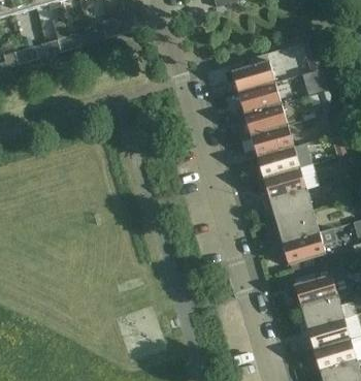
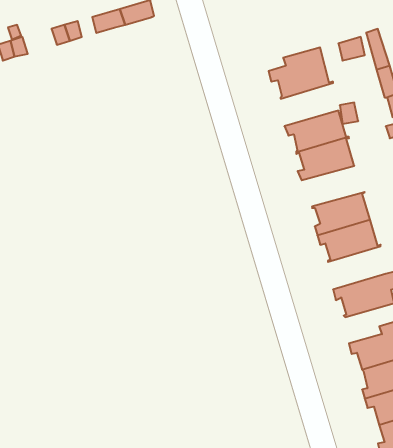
building: [236,82,282,116] -> none
building: [253,147,302,179] -> none
building: [273,210,319,244] -> none

